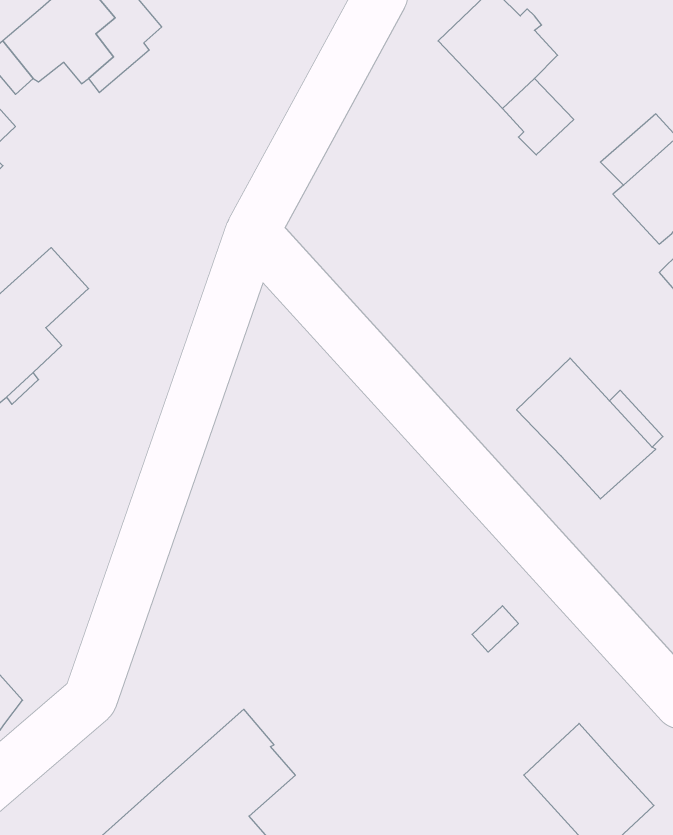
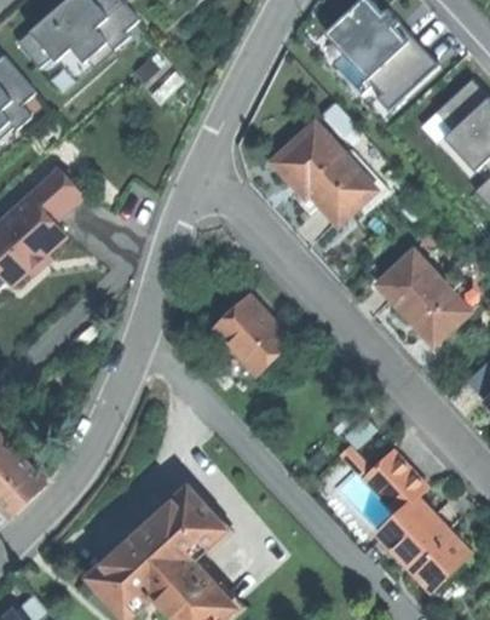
building: none -> [387,36,434,85]
building: none -> [271,126,376,223]
building: none -> [213,292,293,373]
building: none -> [342,444,428,513]

